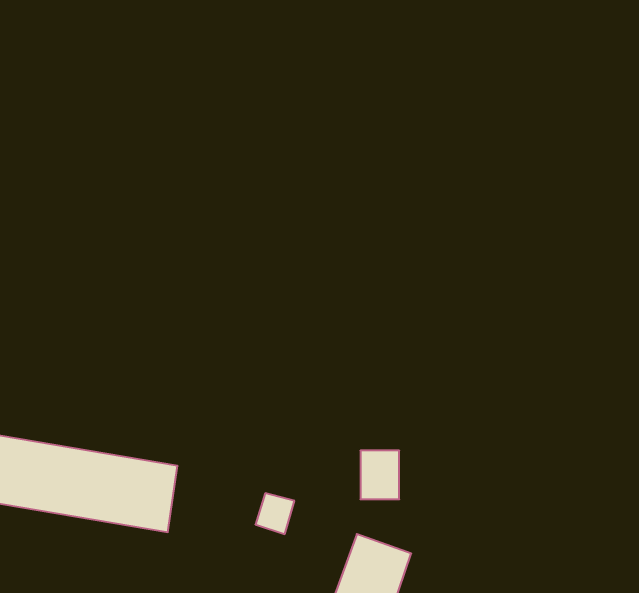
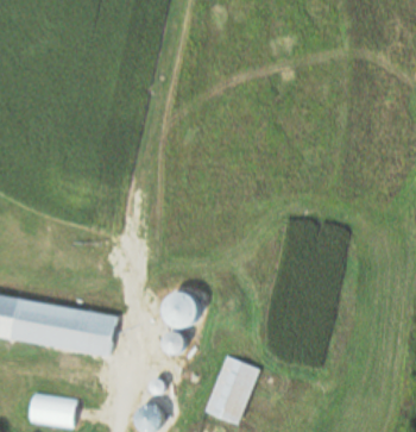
building: [360,451,399,499] -> [168,294,191,324]

